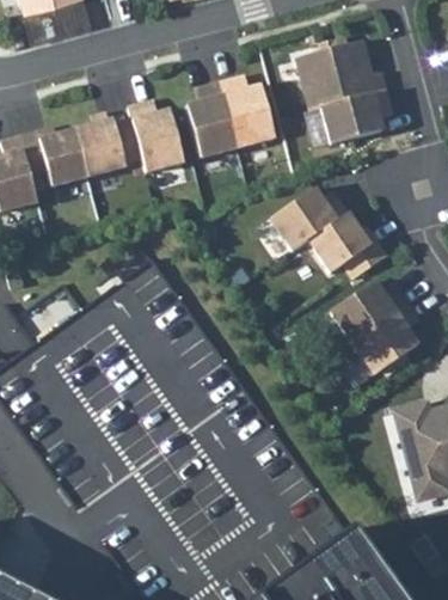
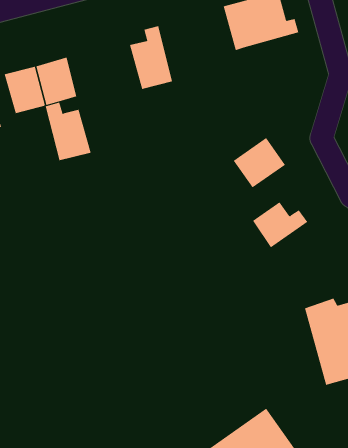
building: [223,76,278,147] -> none
building: [324,90,393,145] -> none
building: [131,102,186,171] -> [45,102,92,161]
building: [272,188,350,251] -> none
building: [355,312,410,375] -> none

